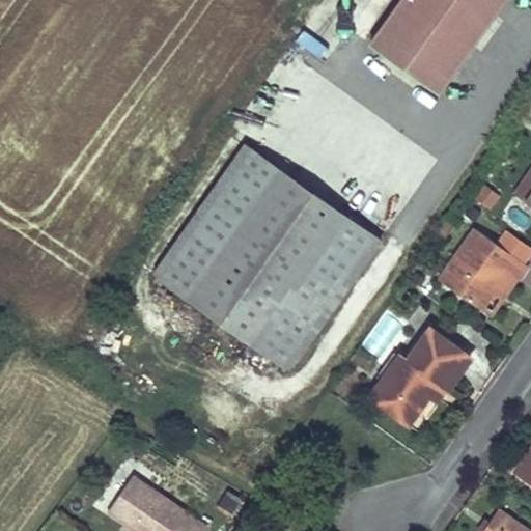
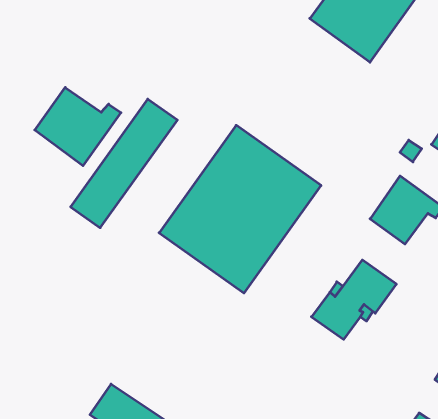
building: none -> [35,87,121,166]
building: [153,144,280,297] -> [71,99,177,228]

